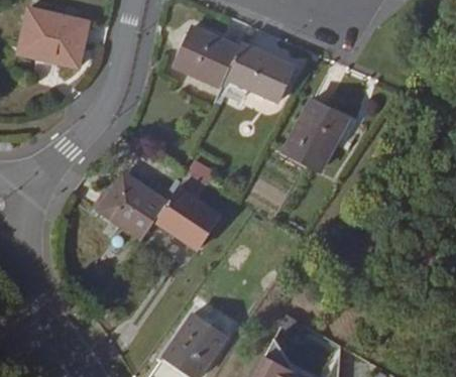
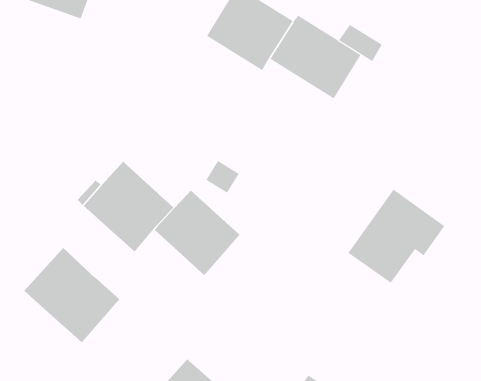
building: [284,99,356,171] -> [348,189,445,284]
building: none -> [24,247,120,343]

